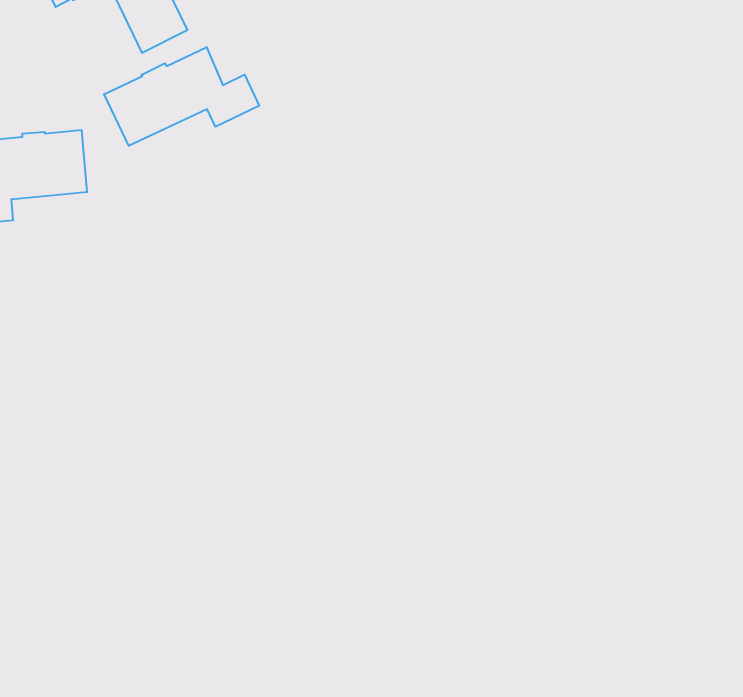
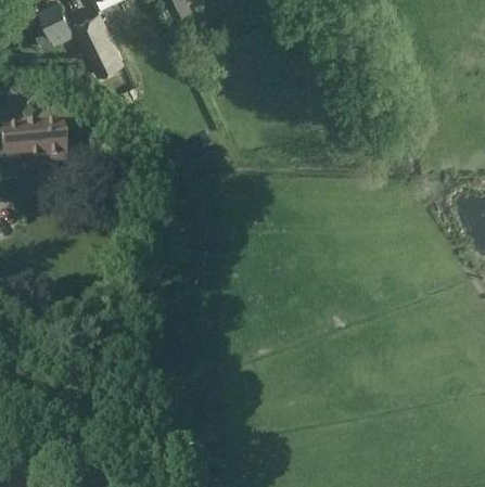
building: [104,47,259,146] -> none

